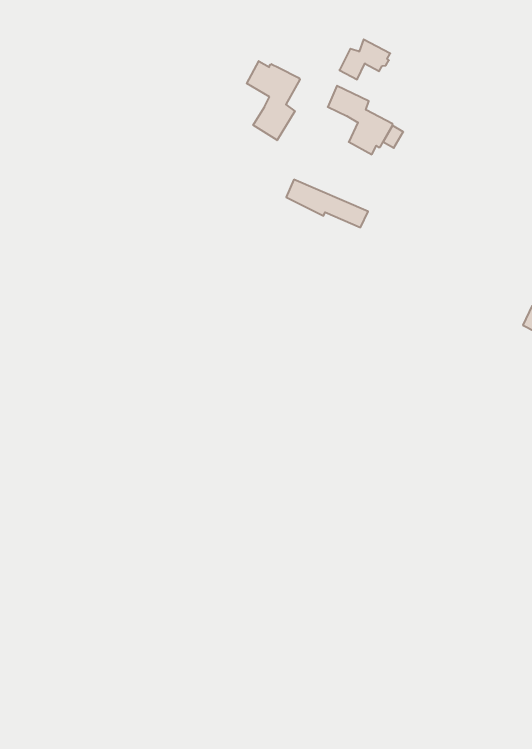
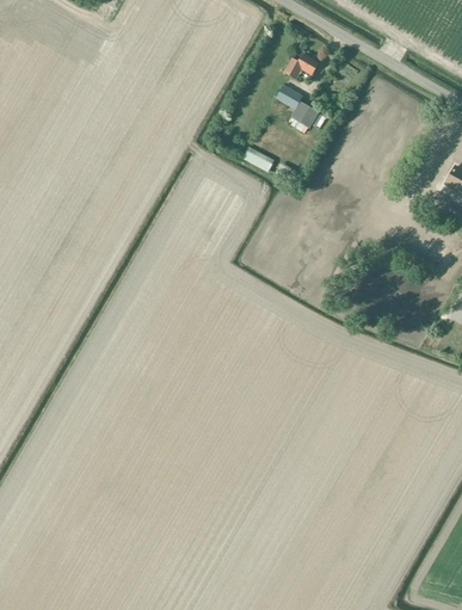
building: [247,61,300,140] -> none

